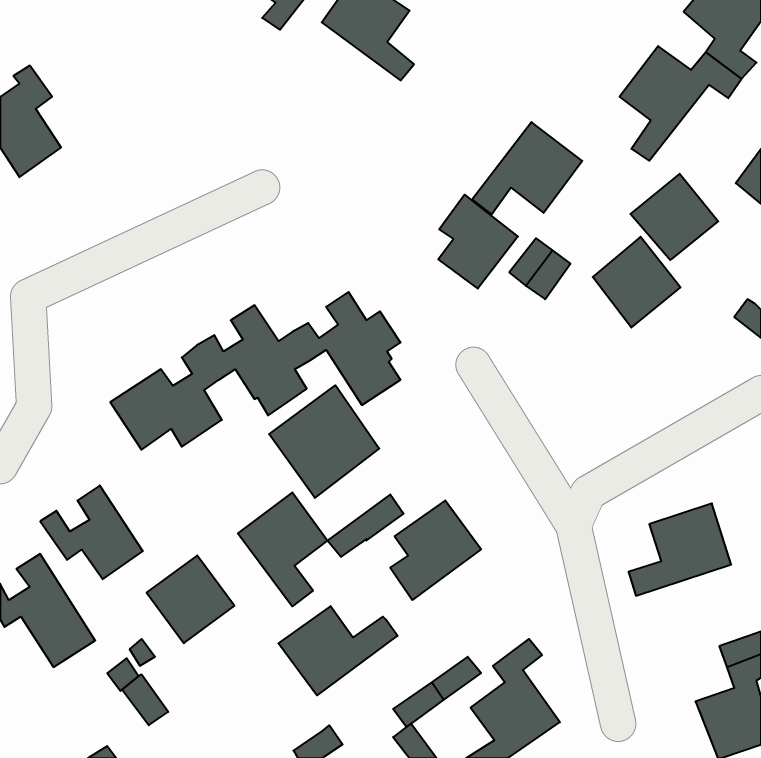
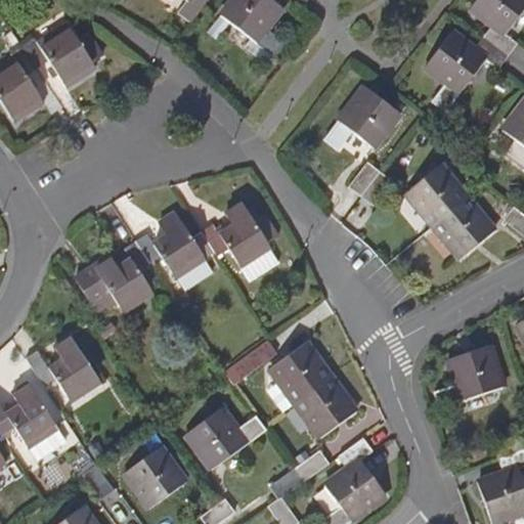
building: none -> [20,21,104,85]
building: [630,174,718,260] -> [434,198,494,257]
building: [438,195,518,289] -> none
building: [269,385,379,498] -> none
building: [238,492,328,606] -> none
building: none -> [296,378,356,439]
building: [147,555,234,643] -> [134,453,194,514]

